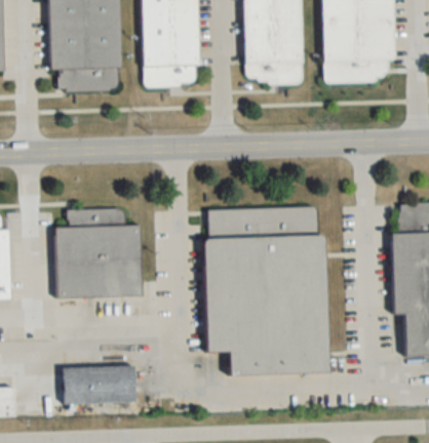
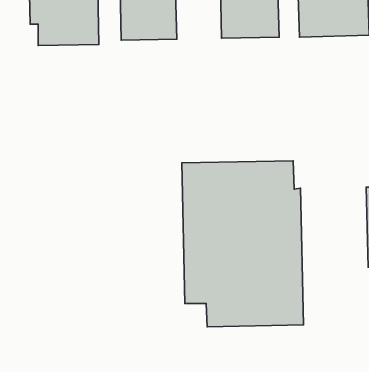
building: [55,209,142,298] -> none
building: [63,366,135,403] -> none

